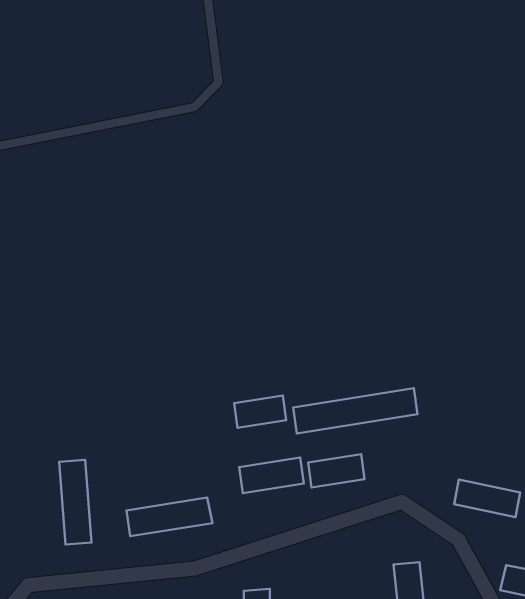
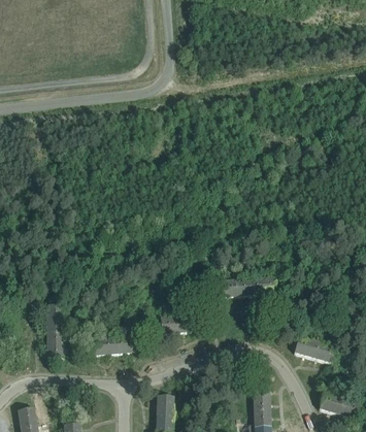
building: [234,396,286,428] -> none
building: [308,454,364,488] -> none

